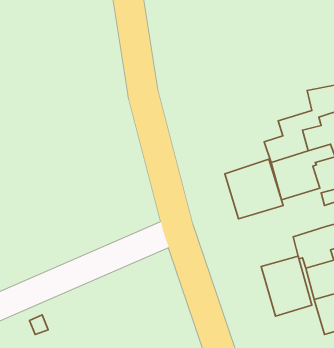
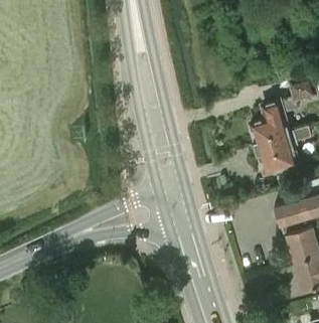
building: [225,159,283,219] -> none
building: [261,256,312,316] -> none

